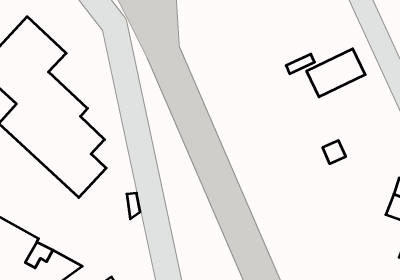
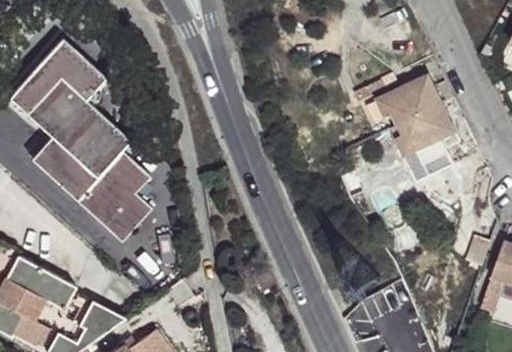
building: none -> [391,103,457,173]

